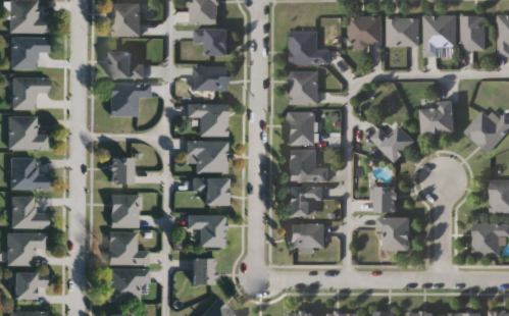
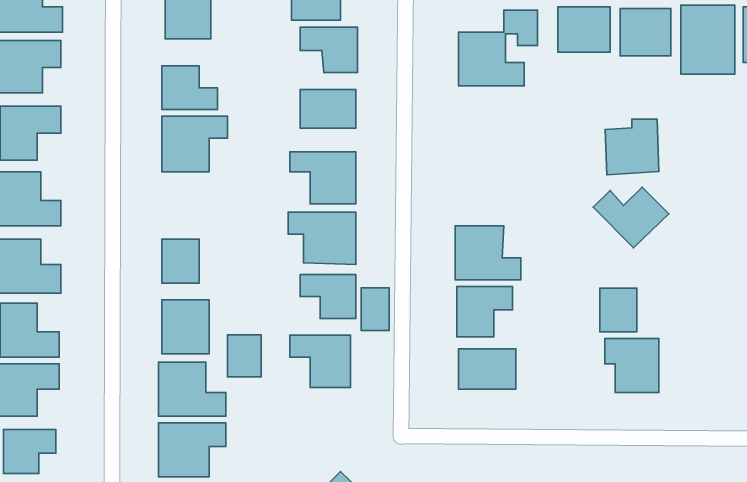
building: [290,71,318,104] -> none
building: [422,102,455,136] -> [605,119,659,175]
building: [289,112,315,145] -> none
building: none -> [361,288,389,330]
building: [193,258,213,283] -> [227,335,261,377]

